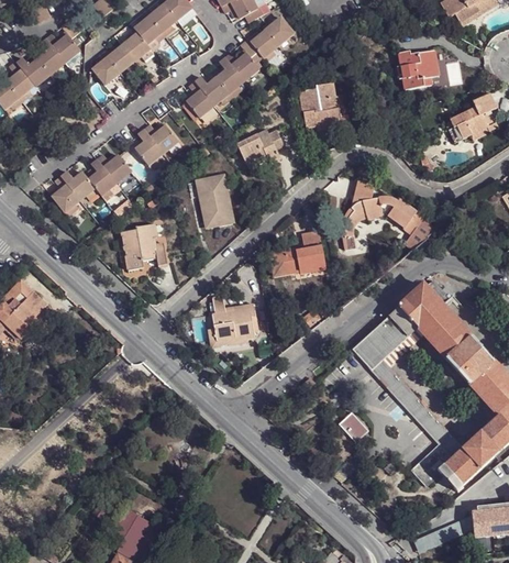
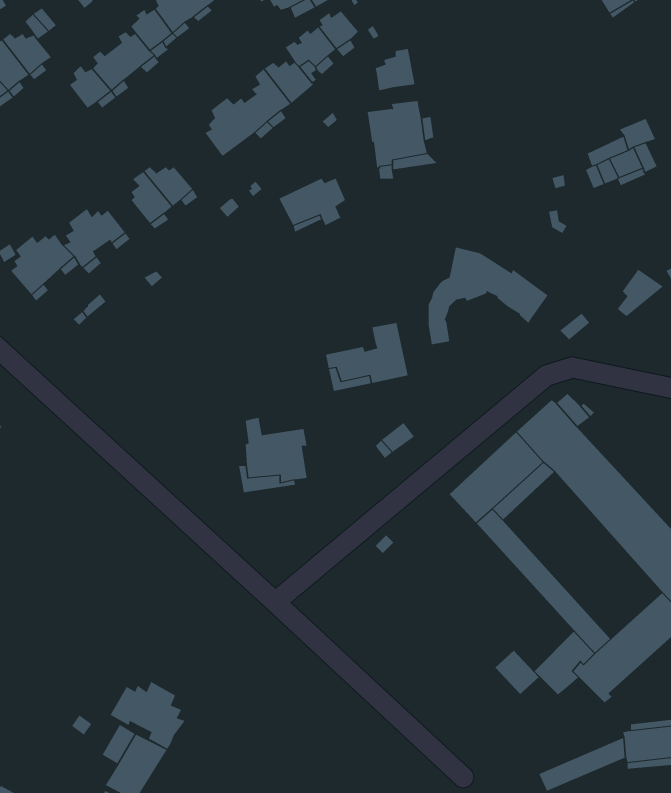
building: none -> [375,48,415,91]
building: [397,51,440,89] -> none
building: [200,176,232,227] -> none
building: [406,214,438,247] -> [617,269,664,317]
building: [122,223,169,269] -> none
building: [338,410,368,441] -> [495,650,540,695]
building: none -> [110,681,186,750]

